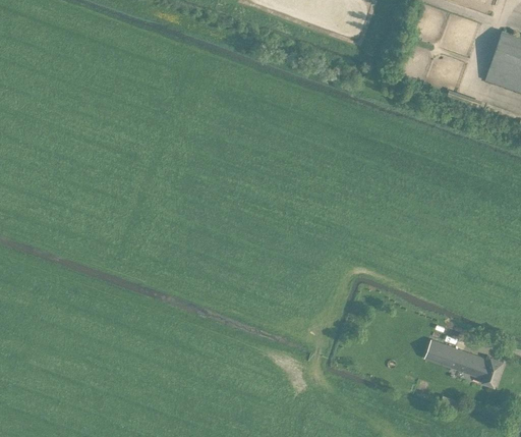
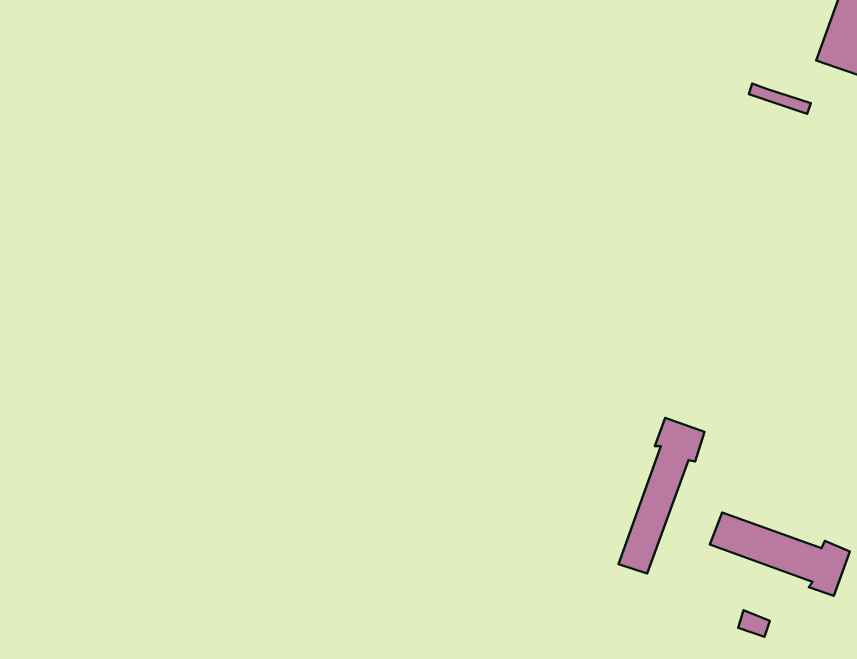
building: none -> [618,418,704,574]

